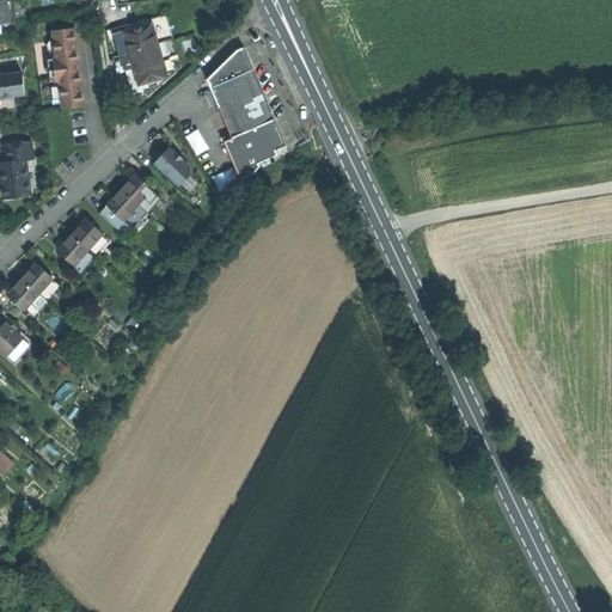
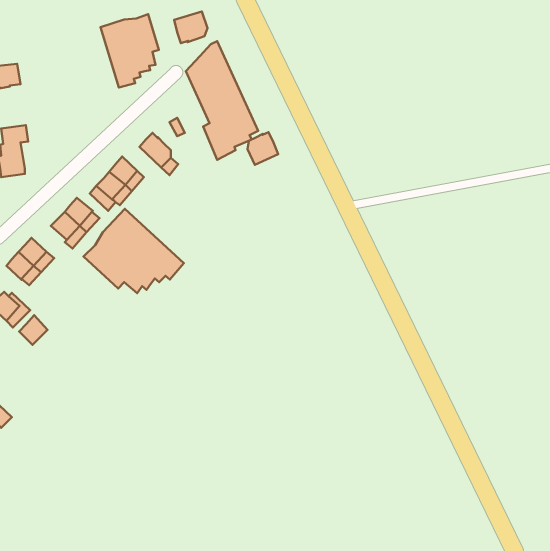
building: none -> [174,11,207,43]
building: [48,27,84,108] -> none
building: none -> [247,132,278,165]
building: none -> [83,209,184,293]
building: none -> [19,315,48,345]

